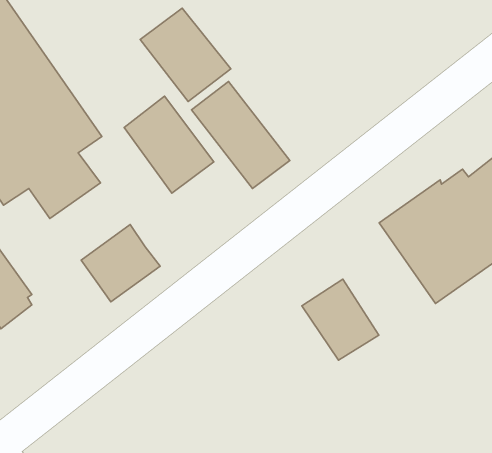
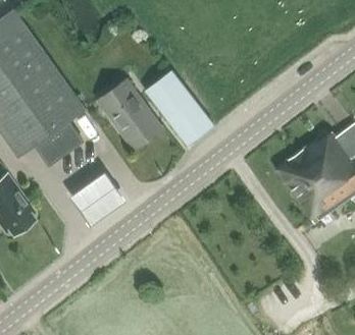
building: [140,8,231,102] -> none
building: [302,279,379,360] -> none

